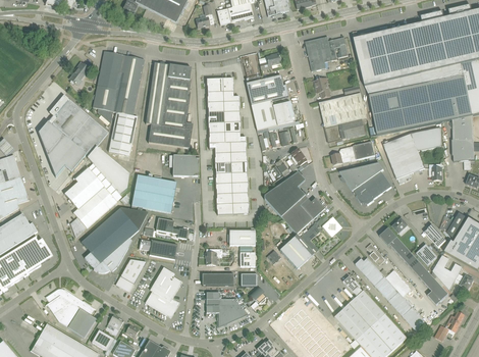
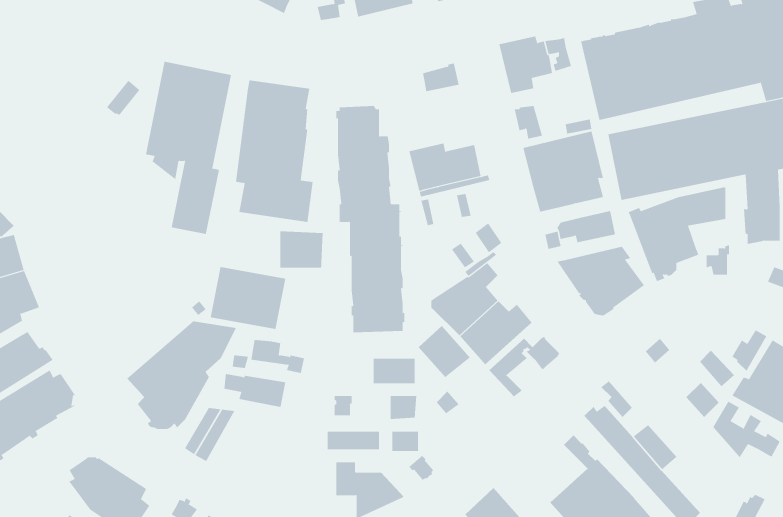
building: [246,74,288,105] -> none
building: [39,94,129,194] -> none
building: [64,167,117,237] -> none
building: [380,227,448,305] -> none
building: [280,237,312,268] -> [418,325,471,378]
building: [146,266,182,317] -> none

